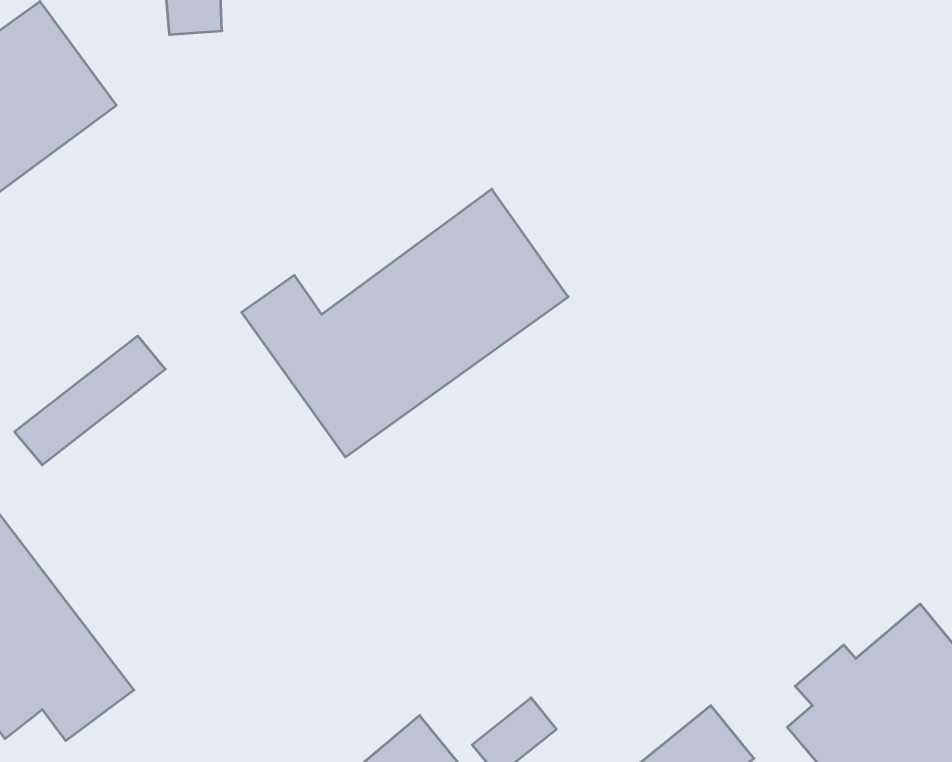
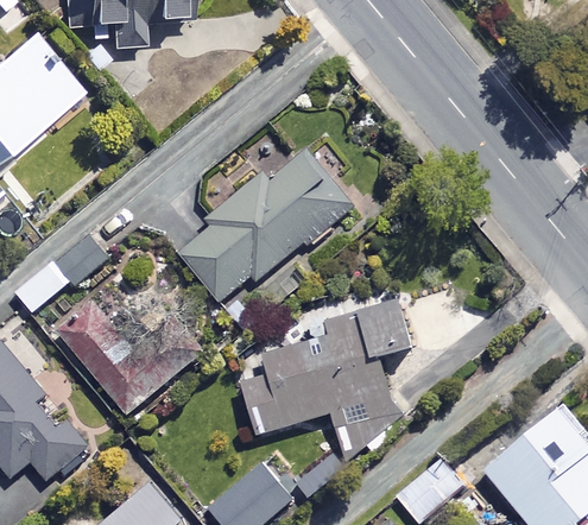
building: none -> [240,298,411,454]
building: none -> [58,301,192,412]

